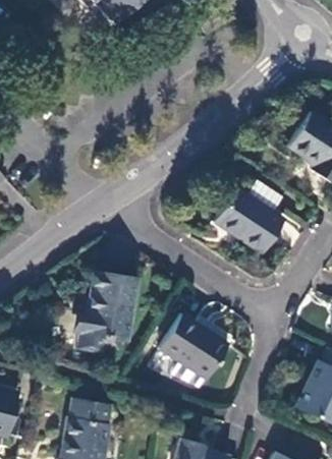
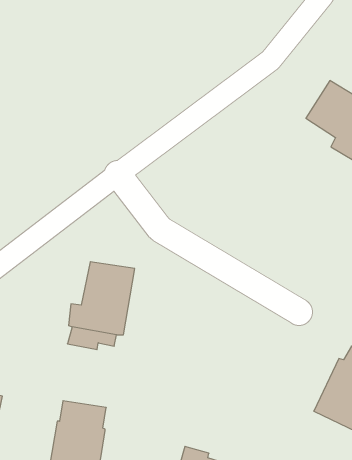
building: [214,182,284,252] -> none
building: [160,313,229,387] -> none

